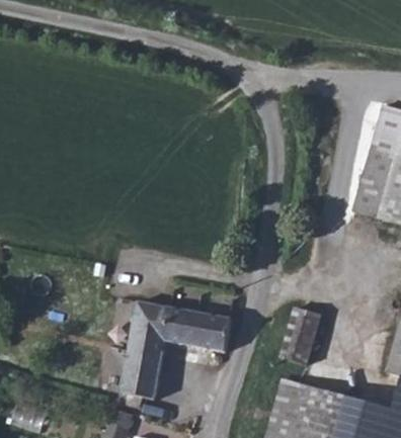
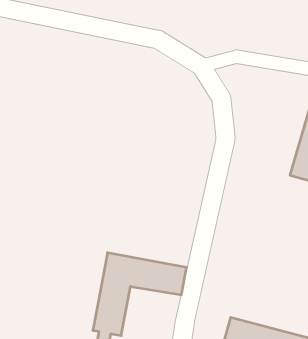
building: [280,309,320,365] -> none

